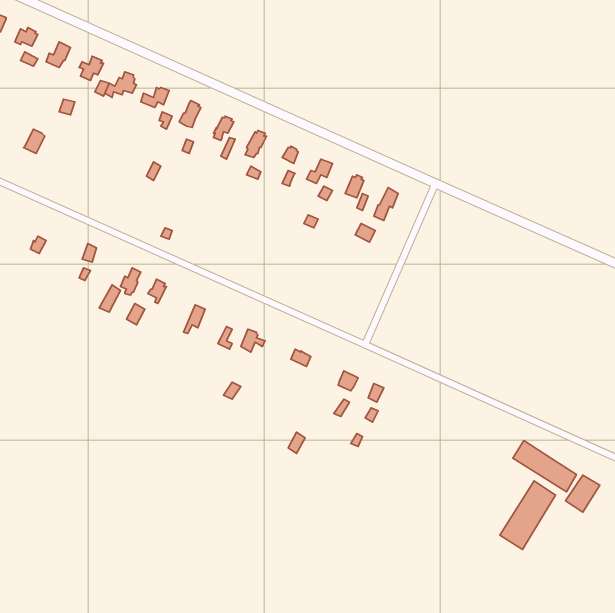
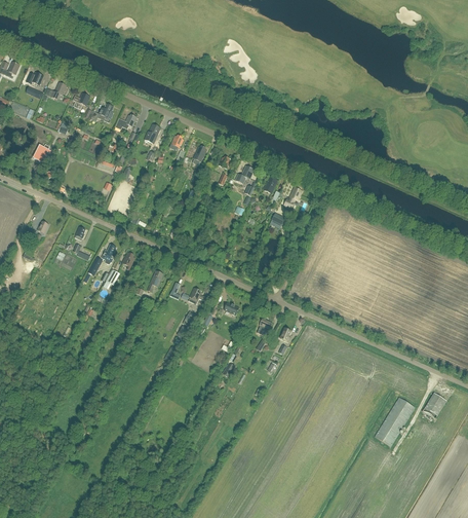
building: [513,441,576,492] -> none

